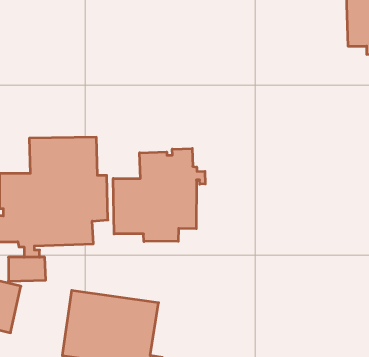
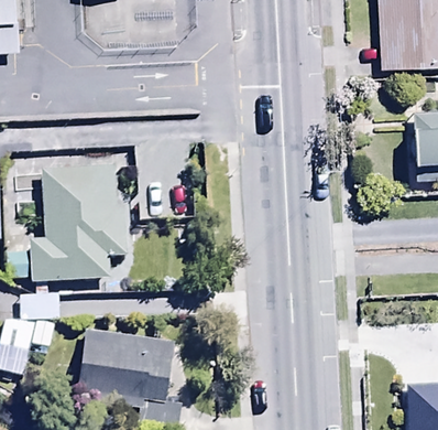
building: [113,148,205,242] -> none

